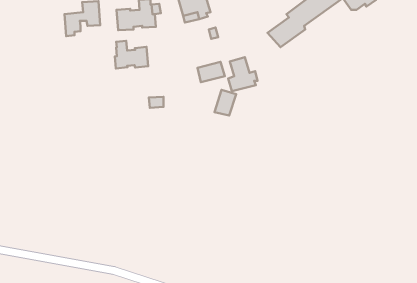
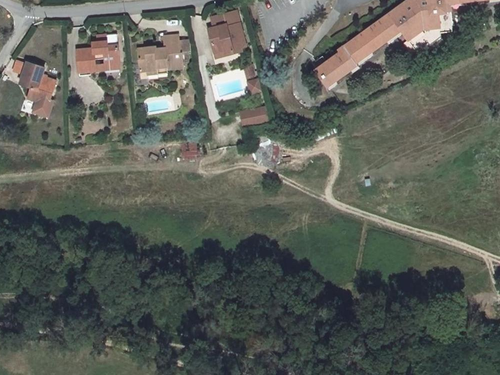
building: none -> [21,67,57,120]
building: [115,41,148,69] -> none
building: [228,57,257,91] -> none

